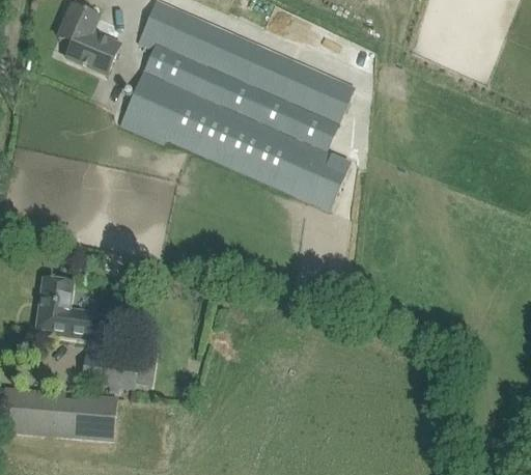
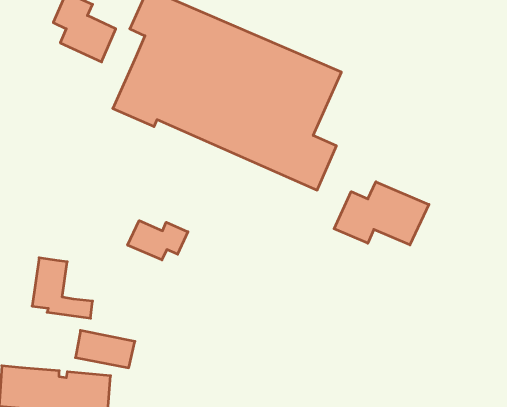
building: none -> [334,182,429,245]
building: none -> [128,221,188,260]

